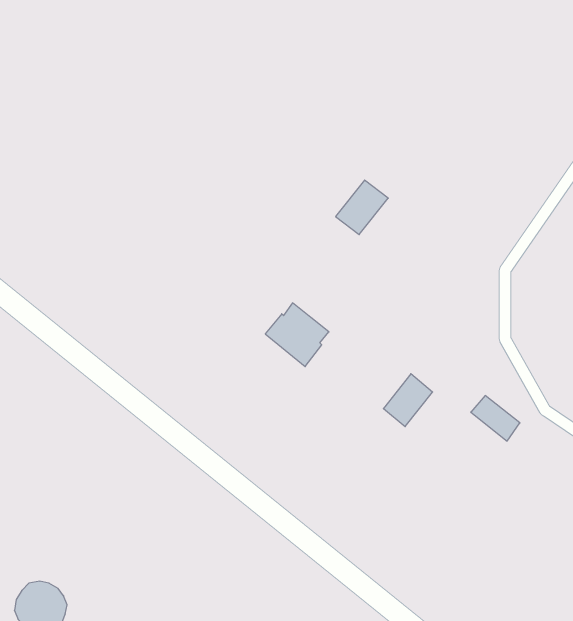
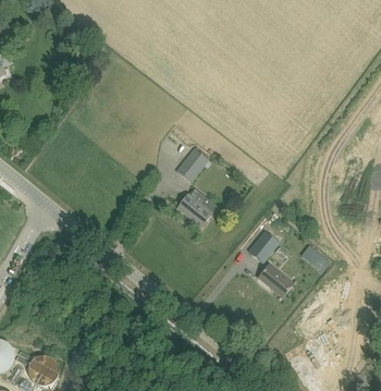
building: [336,180,388,235] -> [175,149,207,182]
building: none -> [258,265,293,297]

